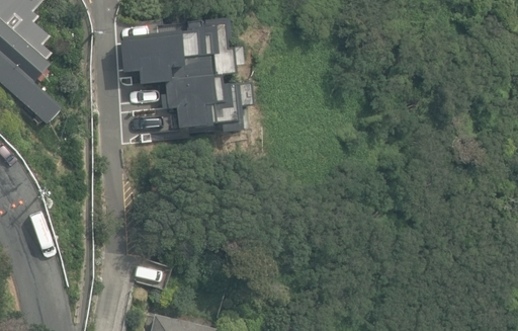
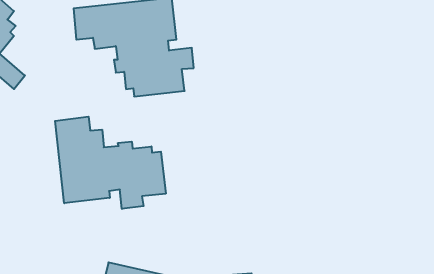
building: none -> [55,117,166,209]

